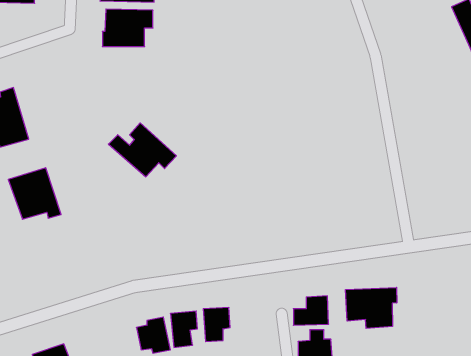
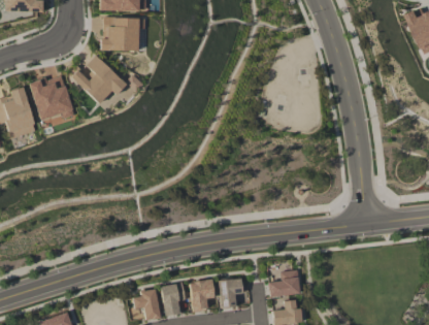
building: [108,123,176,177] -> [67,56,127,103]
building: [8,168,61,219] -> [28,74,74,120]
building: [346,287,397,328] -> none
building: none -> [219,279,244,306]

